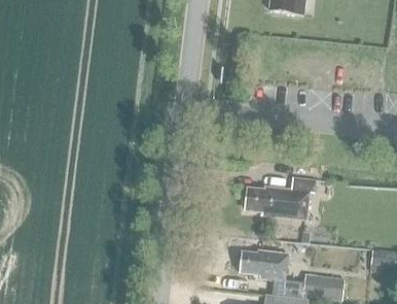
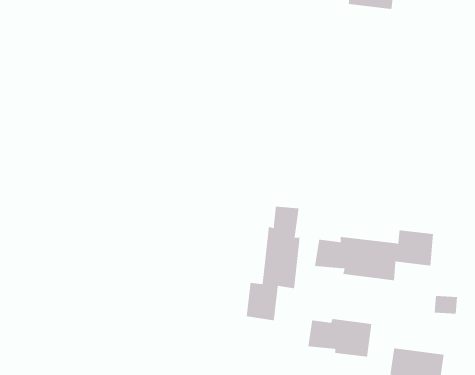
building: none -> [246,206,300,321]

